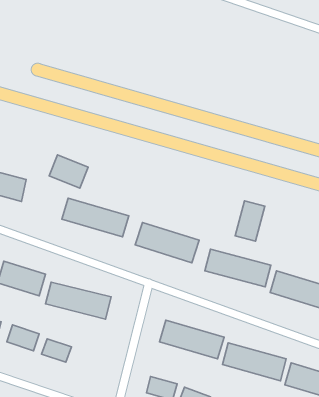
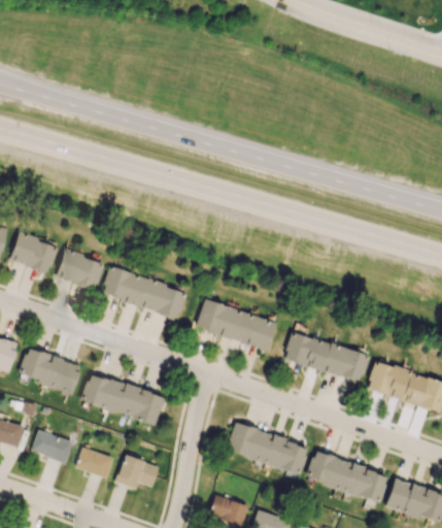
building: [49,155,88,188] -> [56,249,105,291]
building: [235,201,265,241] -> none
building: none -> [115,454,160,490]

